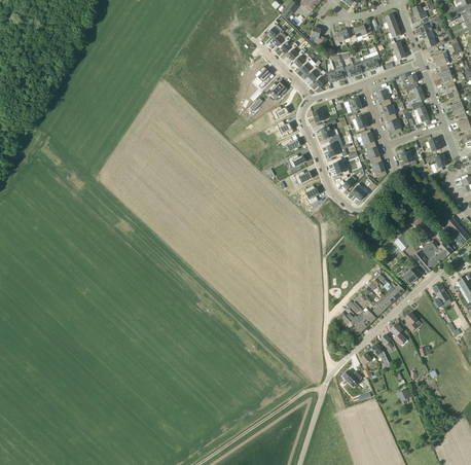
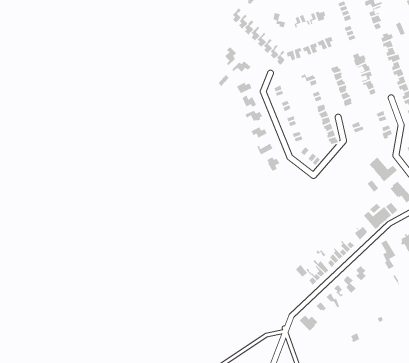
building: none -> [369,156,398,182]

